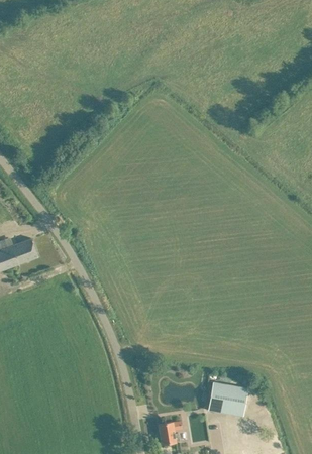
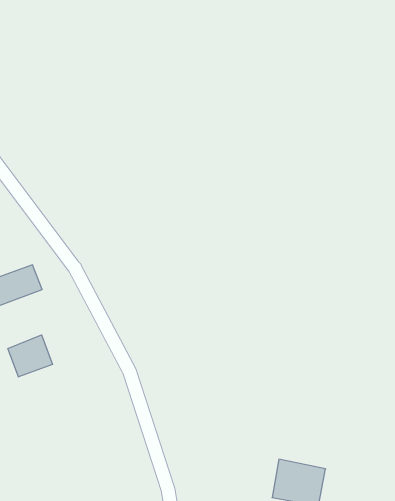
building: none -> [8,335,53,377]

